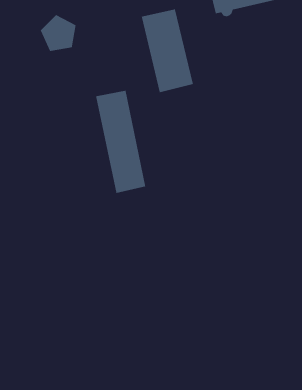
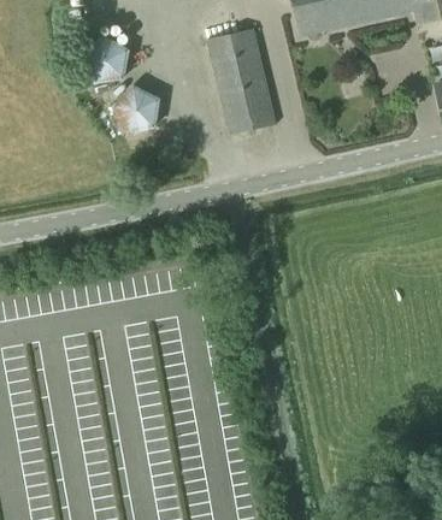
building: none -> [113,87,159,132]
building: [95,90,146,194] -> none

